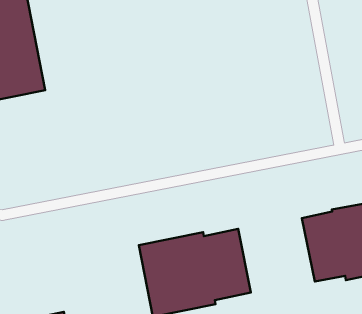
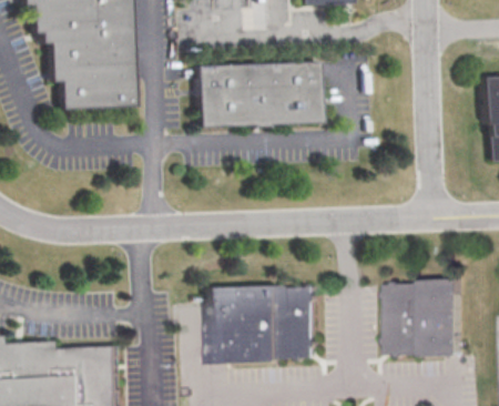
building: none -> [200,62,323,129]

